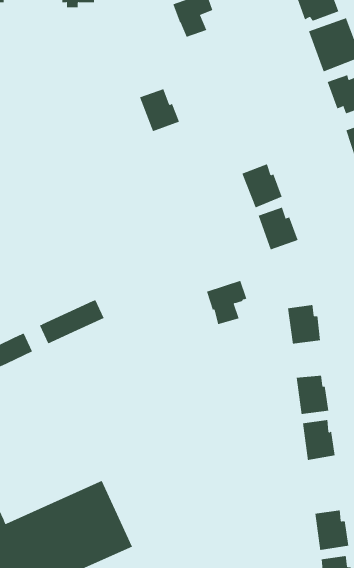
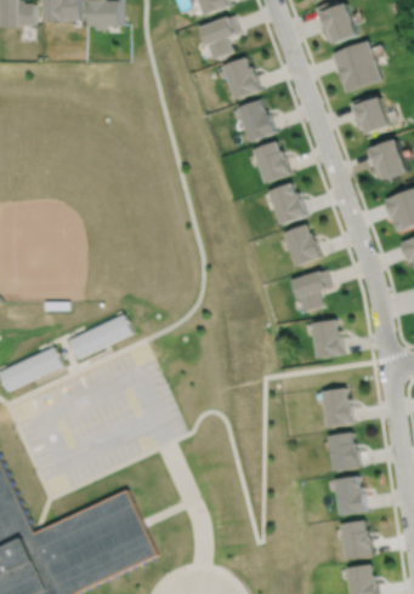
building: none -> [221,56,260,98]
building: [139,88,180,132] -> [236,98,276,141]
building: none -> [251,141,290,183]
building: [206,280,247,325] -> [290,269,330,313]
building: none -> [331,478,364,516]

